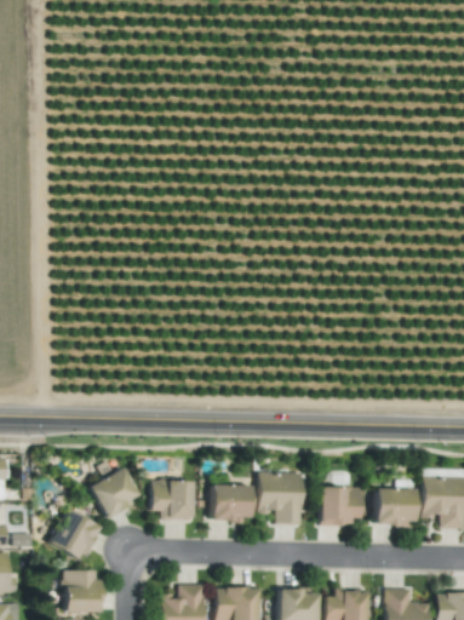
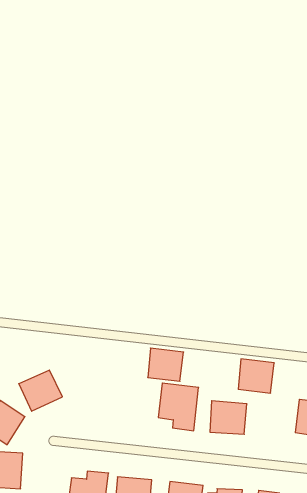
building: [151,480,194,519] -> none
building: [212,484,252,521] -> [148,348,184,381]
building: [376,488,416,526] -> [238,359,274,393]

